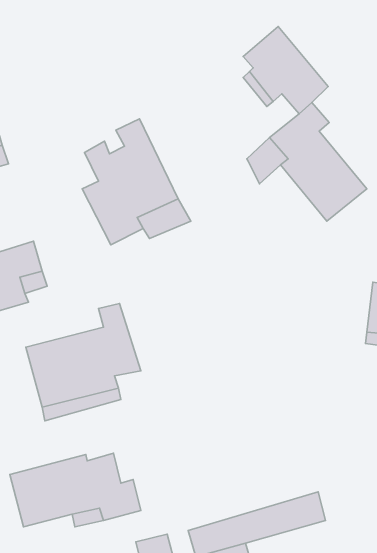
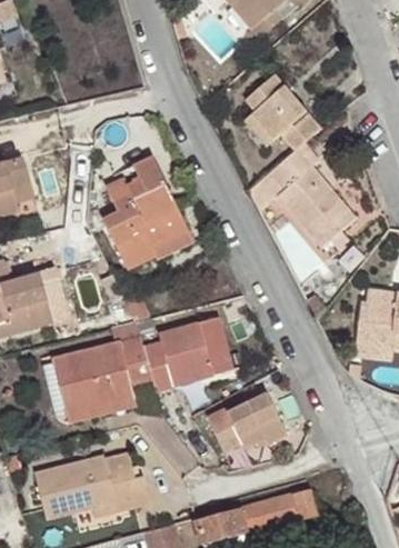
building: none -> [142,316,231,391]
building: none -> [206,385,287,447]

